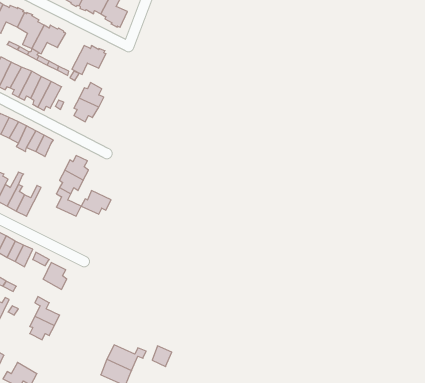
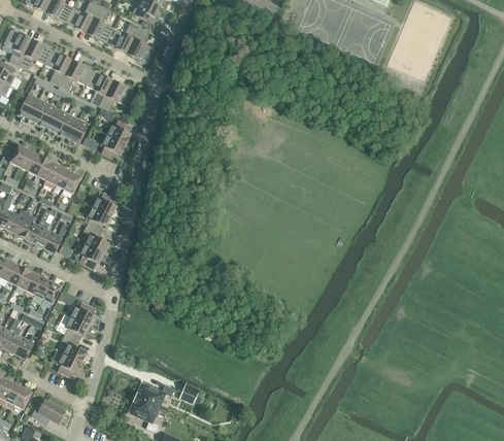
building: none -> [85,69,111,106]
building: [81,191,111,214] -> [73,244,103,268]
building: none -> [56,313,89,340]

